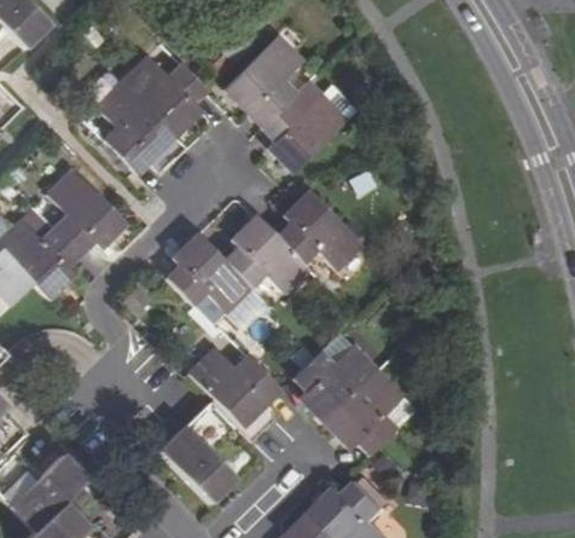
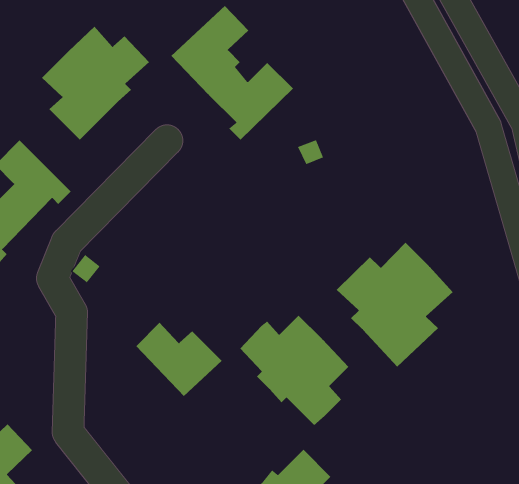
building: [167,189,361,311] -> none
building: none -> [336,242,454,367]
building: [158,400,236,502] -> none

